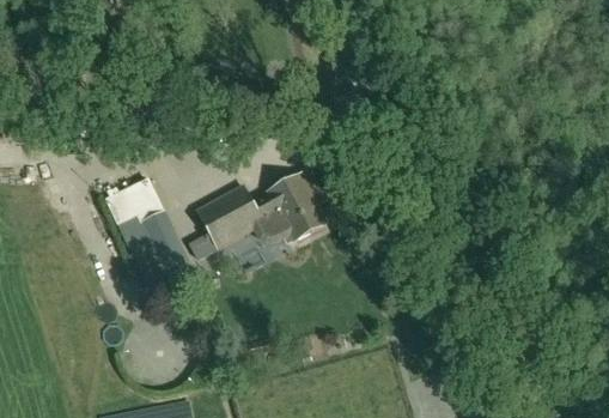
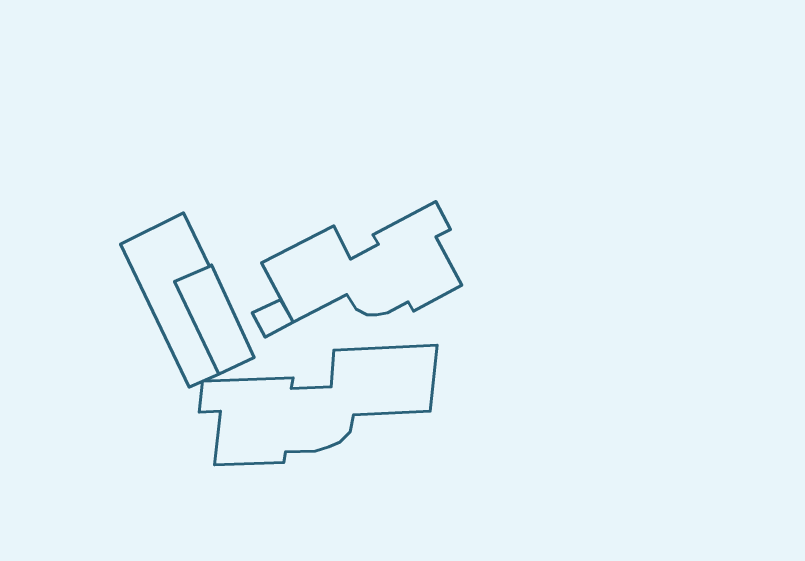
building: none -> [199,345,437,465]

